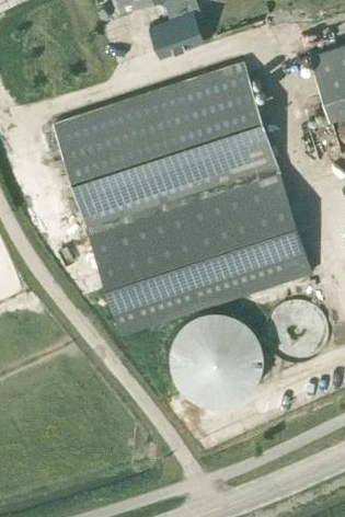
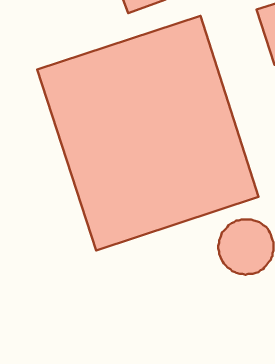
building: [166,311,262,406] -> none

